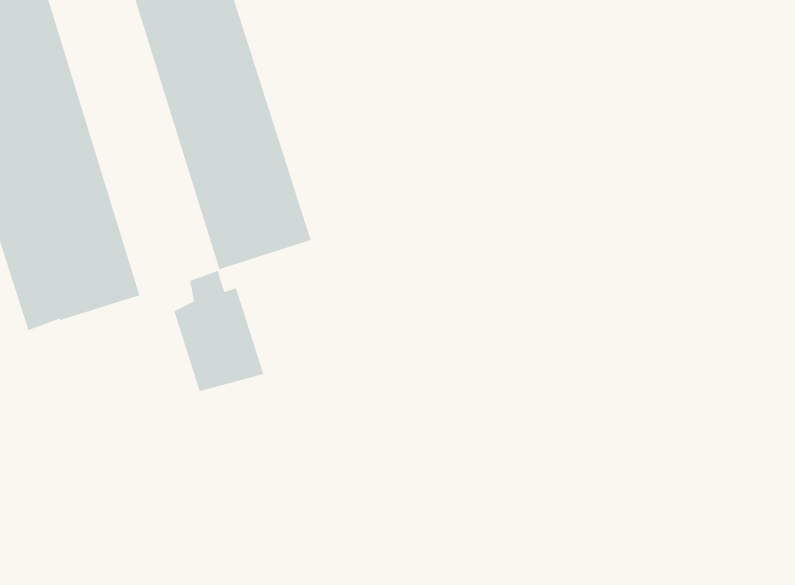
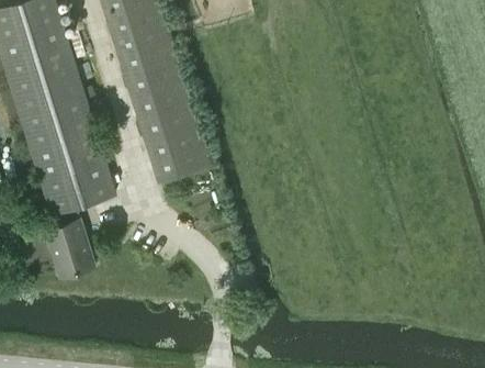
building: [174,270,264,392] -> [44,210,94,278]

